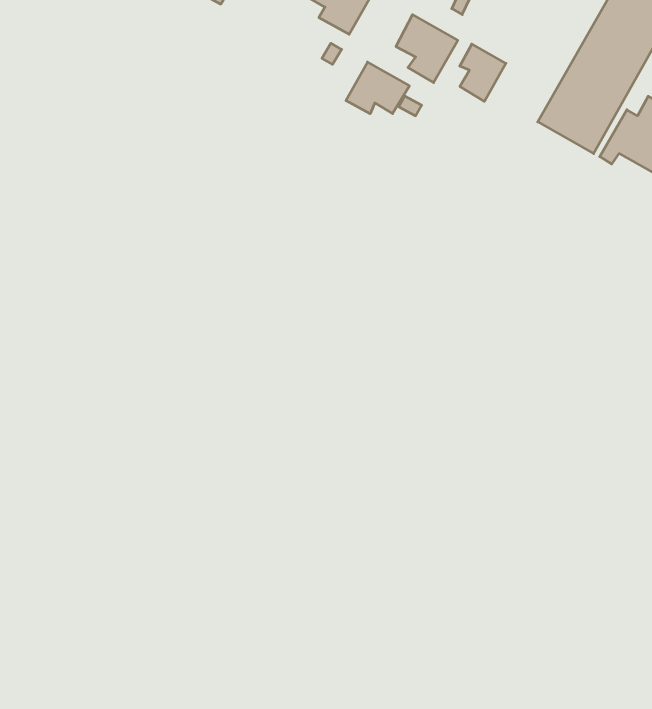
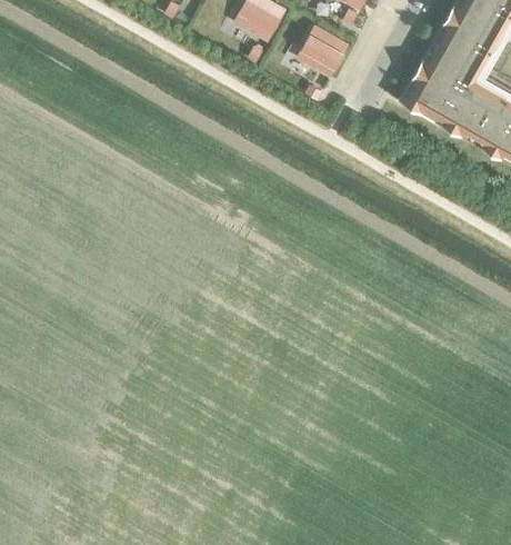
building: [460,44,506,101] -> none
building: [346,62,409,114] -> none

